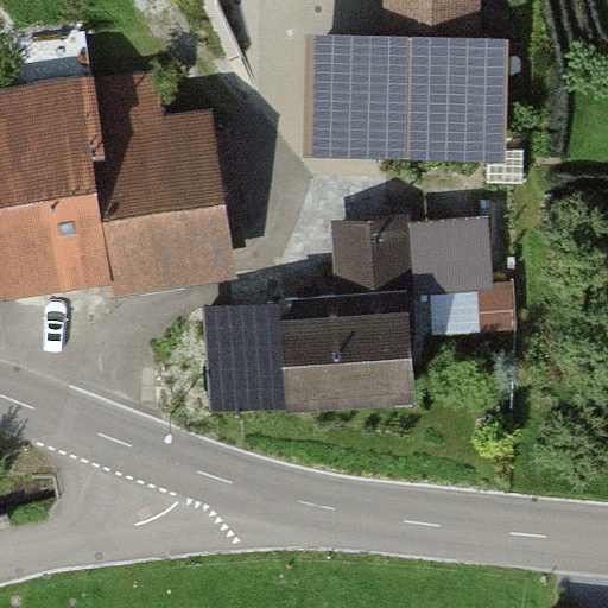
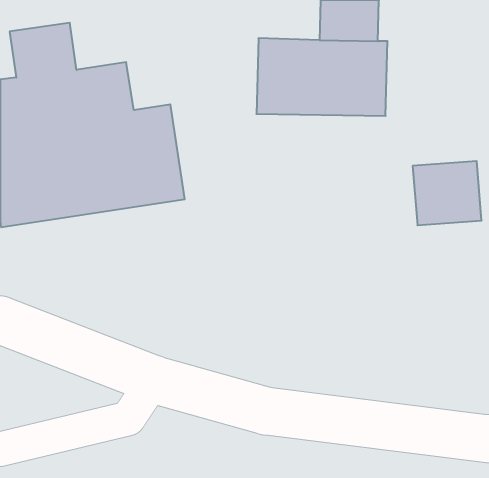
building: [411,226,496,305] -> [413,161,482,225]
building: [211,235,416,416] -> none

